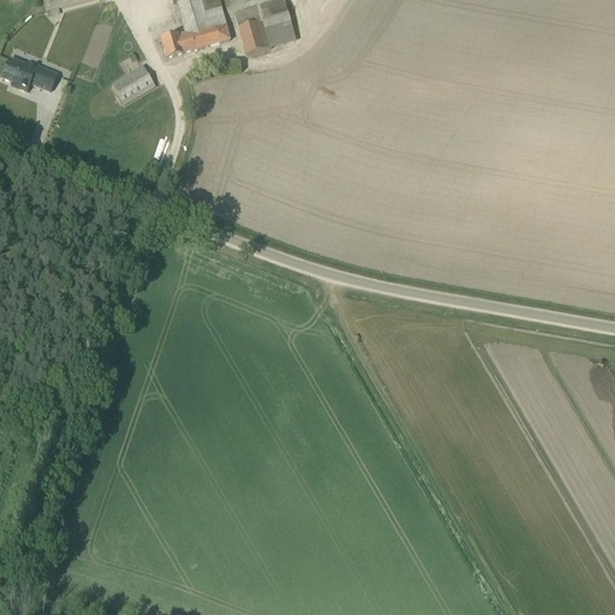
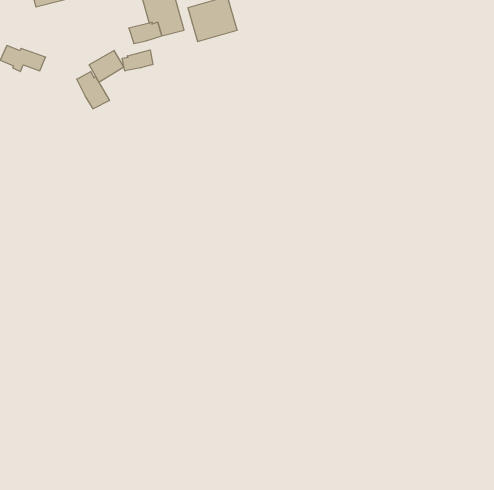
building: none -> [122,50,153,71]
building: none -> [77,72,109,109]

